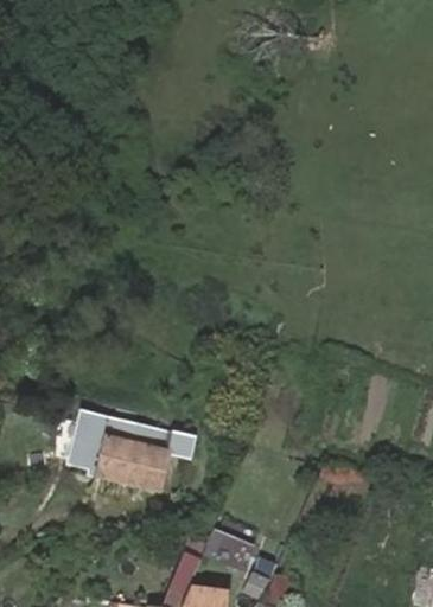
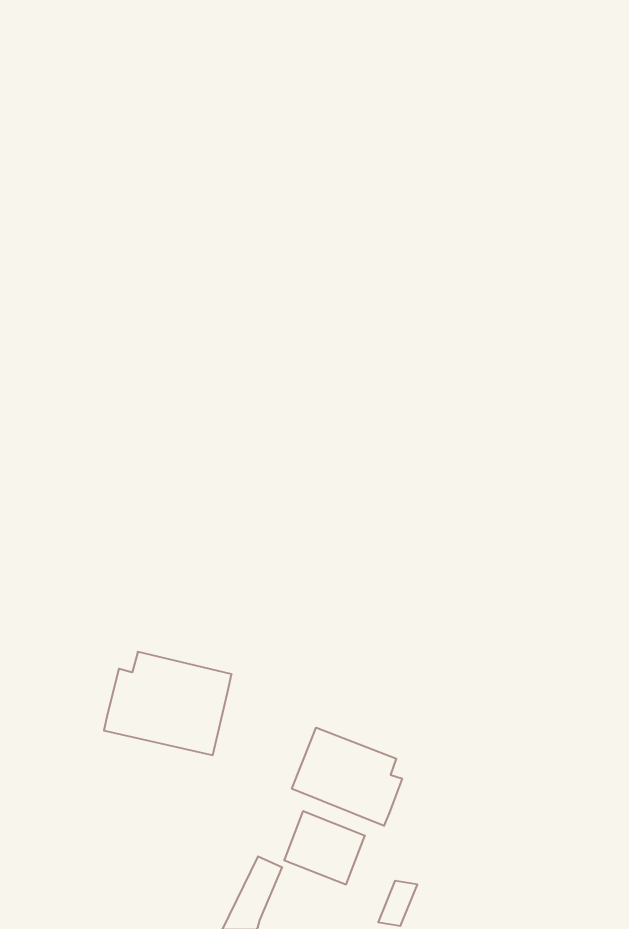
building: [66,409,196,467] -> none
building: none -> [292,728,402,826]

